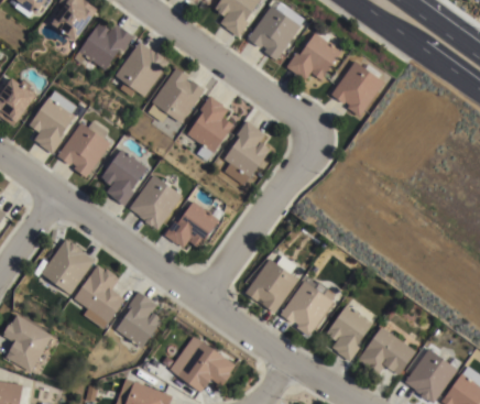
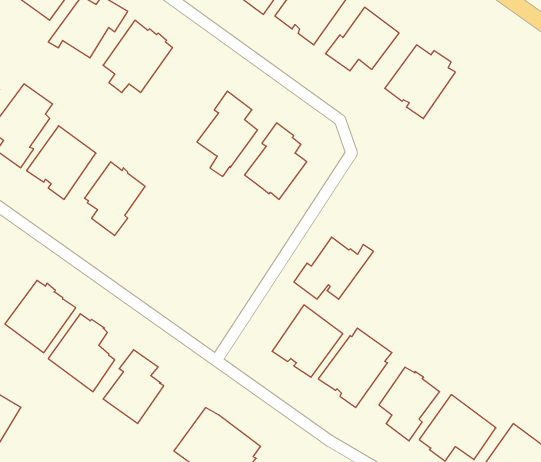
building: [148,67,206,123] -> none
building: [129,174,183,229] -> none
building: [165,200,226,248] -> [294,237,373,299]

